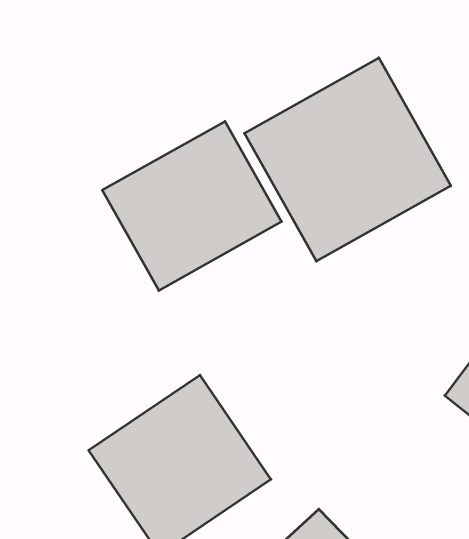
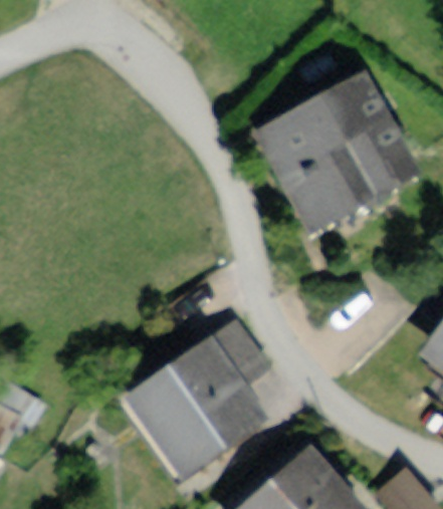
building: [102,121,282,291] -> none

